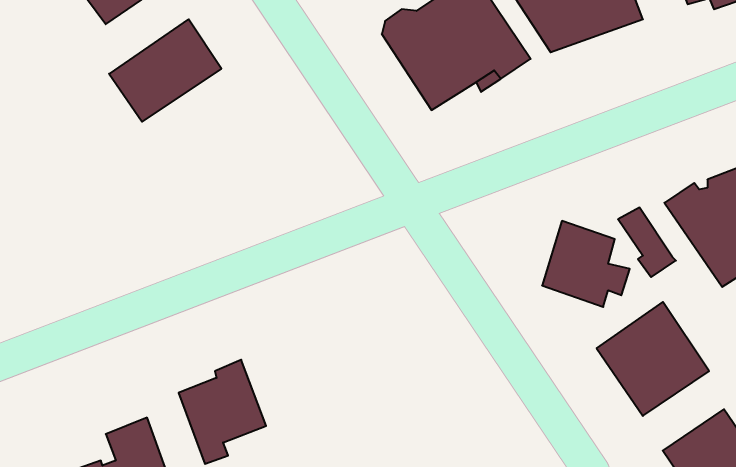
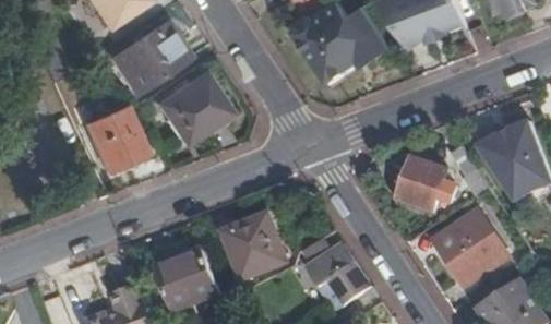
building: none -> [156,75,228,142]
building: none -> [85,109,146,173]
building: none -> [225,215,285,278]
building: none -> [297,236,370,311]

